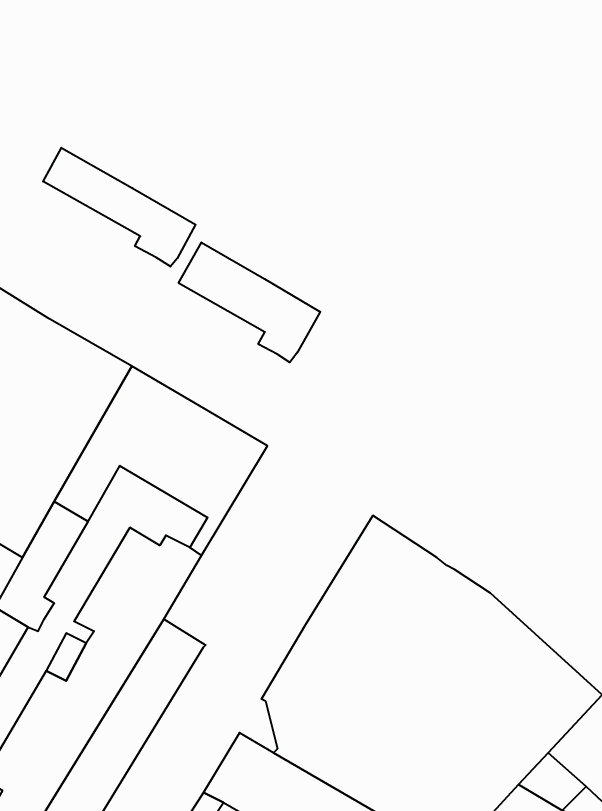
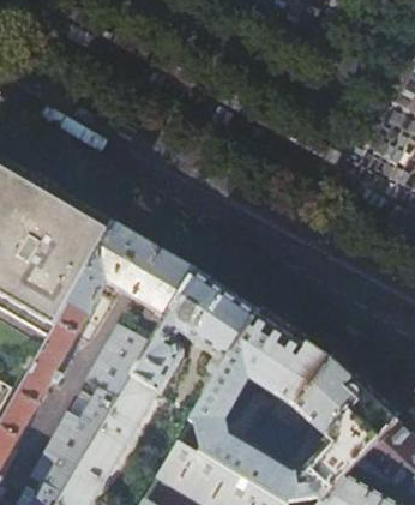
building: [43,148,196,267] -> none
building: [179,242,320,362] -> none
building: none -> [131,272,257,396]

